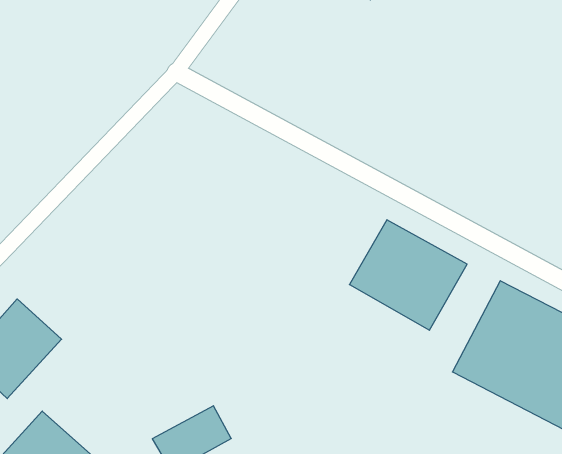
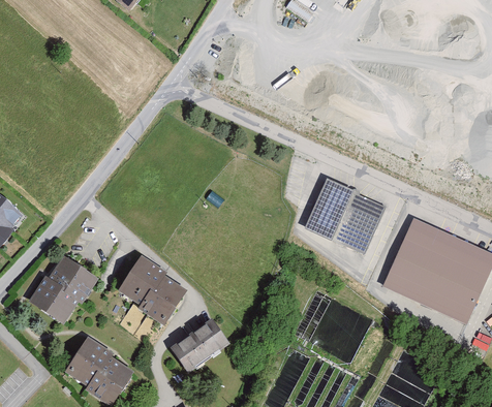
building: none -> [115,255,187,323]

